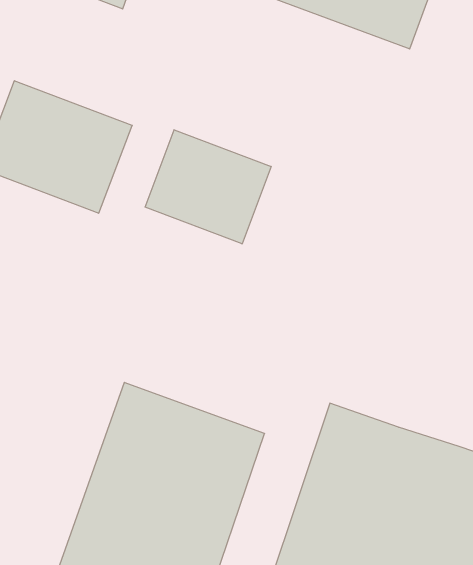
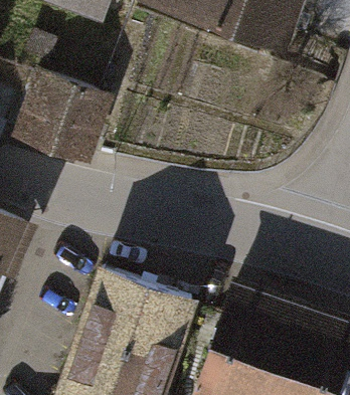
building: [145,130,271,244] -> none

